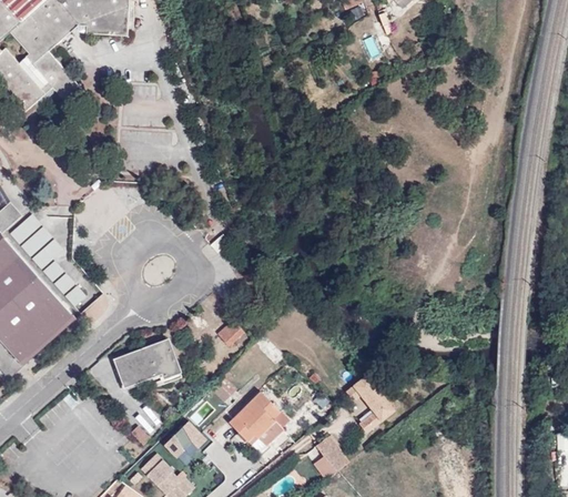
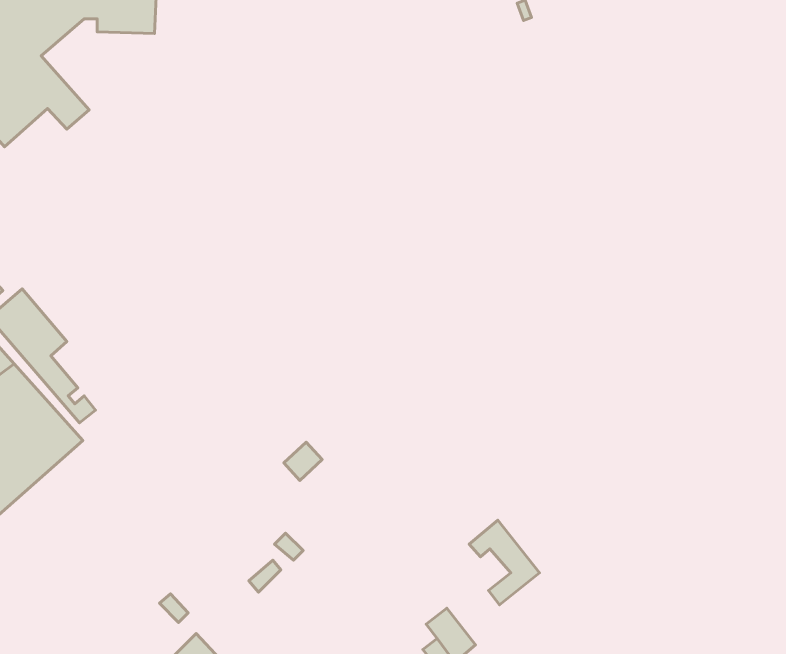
building: [115,339,182,384] -> none
building: [229,390,282,450] -> none
building: [165,420,207,457] -> none

